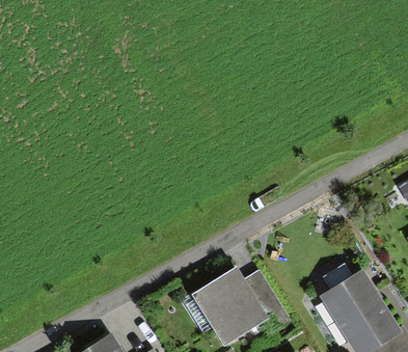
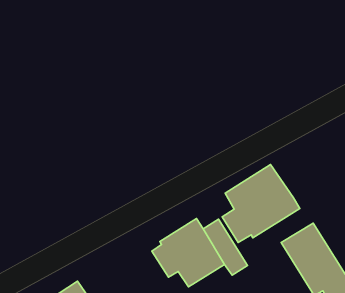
building: none -> [222,164,300,242]

